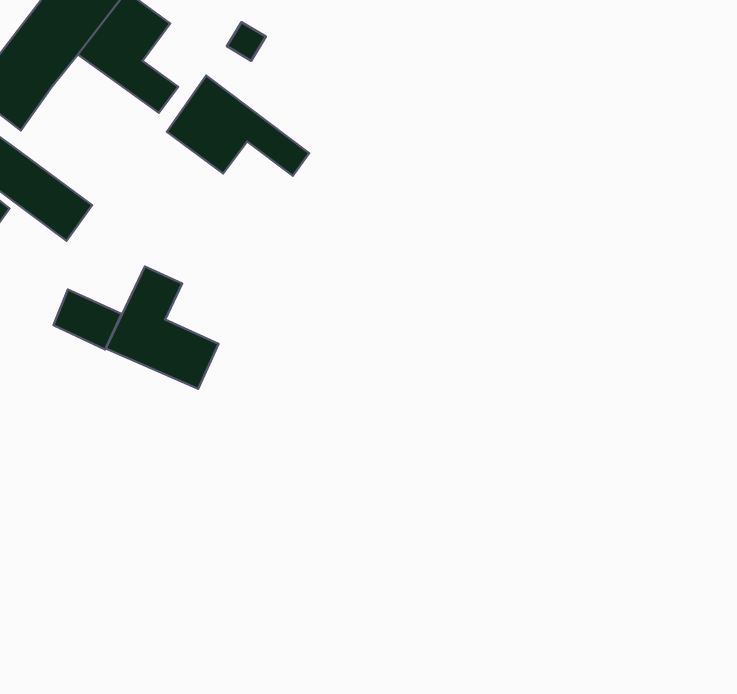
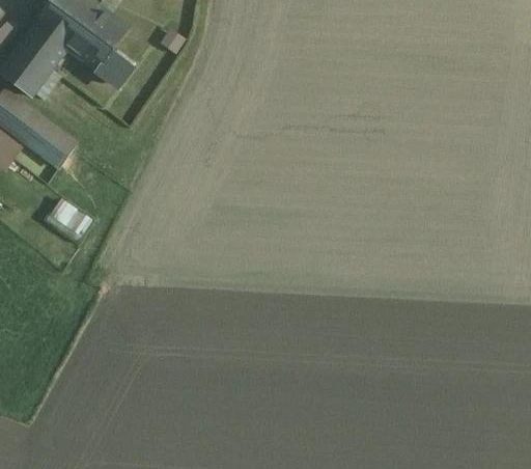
building: [167,75,309,176] -> none
building: [106,267,219,389] -> none

